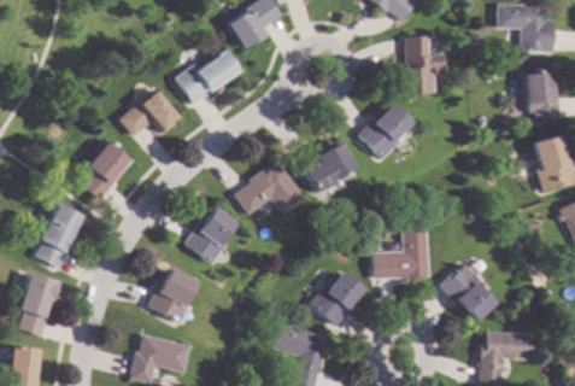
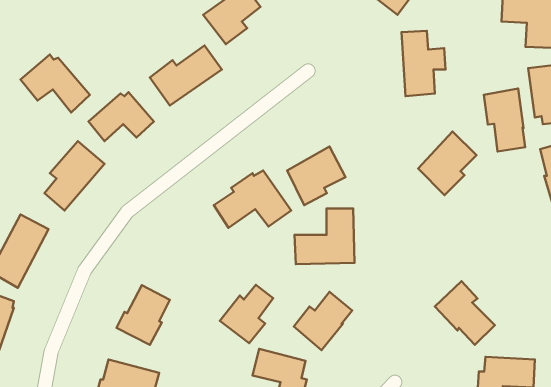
building: none -> [20,54,90,112]
building: none -> [484,89,525,152]
building: [364,100,417,158] -> [418,131,477,195]
building: [190,209,239,262] -> [220,285,273,343]
building: [375,227,429,277] -> [295,208,355,264]

